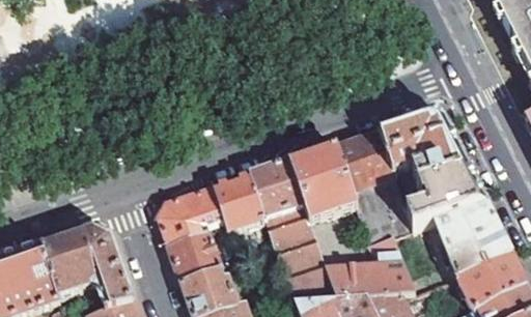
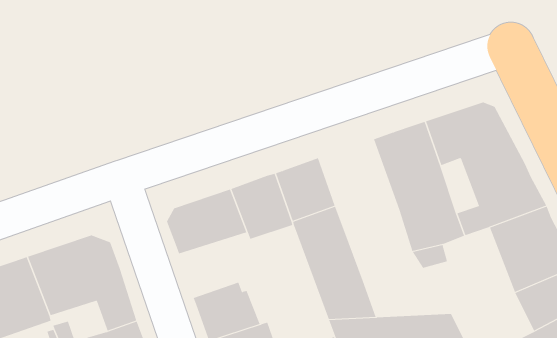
building: [288,144,357,221] -> none
building: [168,224,240,280] -> none
building: [327,262,415,296] -> none

